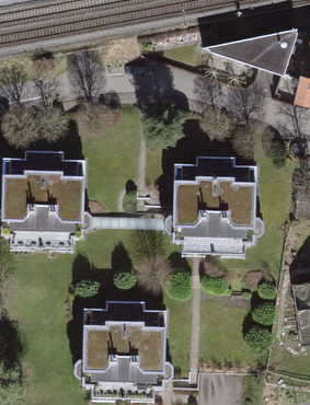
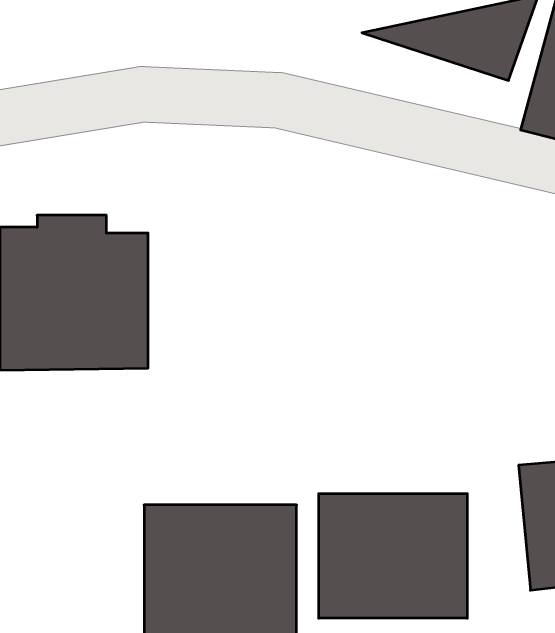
building: [175,157,256,235] -> none
building: none -> [319,494,467,618]

